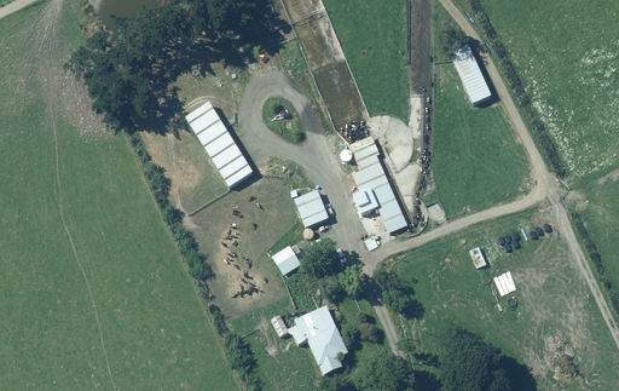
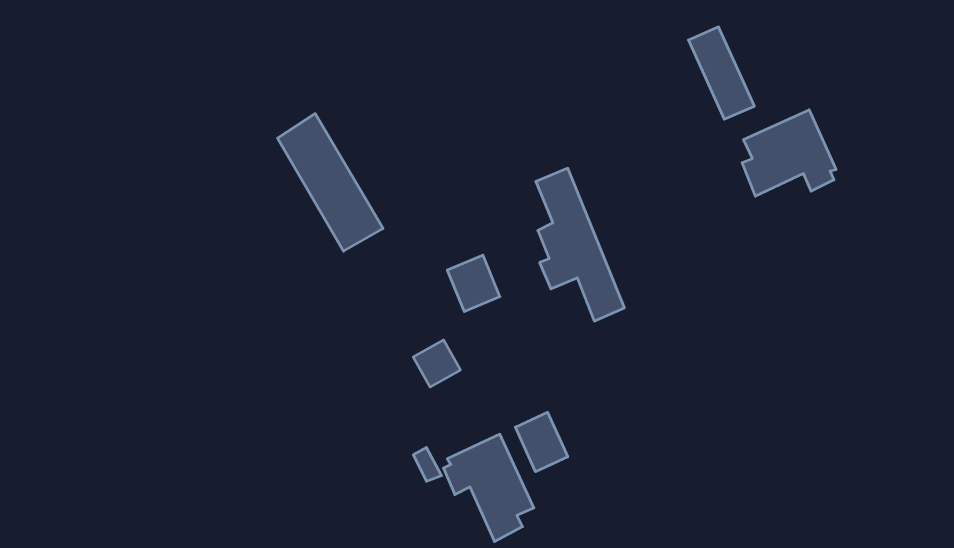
building: none -> [742,110,836,196]
building: none -> [515,412,568,472]

